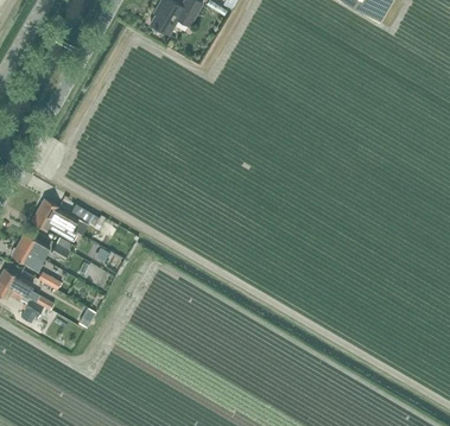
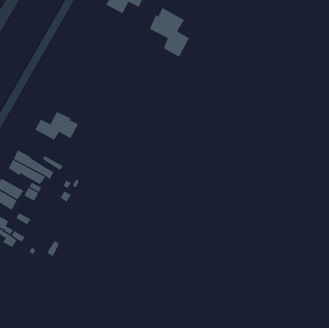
building: none -> [149,7,190,57]
building: none -> [35,111,79,141]

